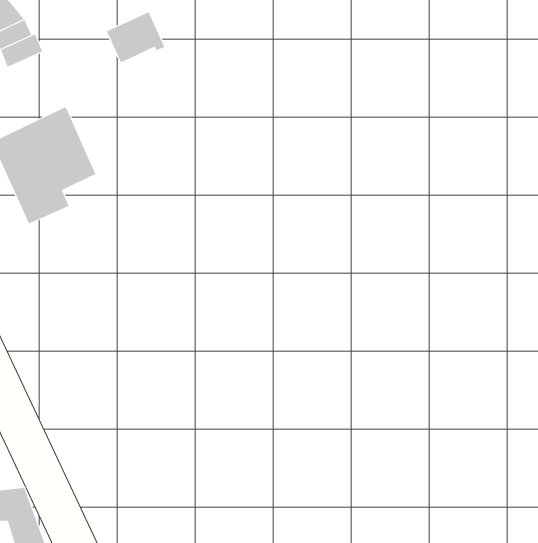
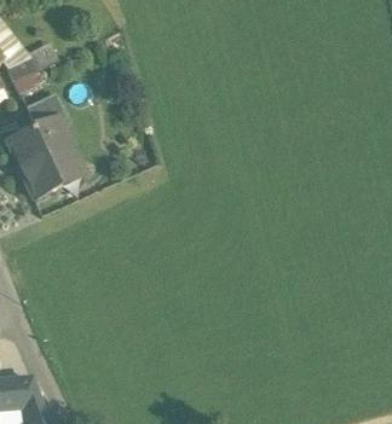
building: [106,12,165,63] -> [25,92,65,127]

